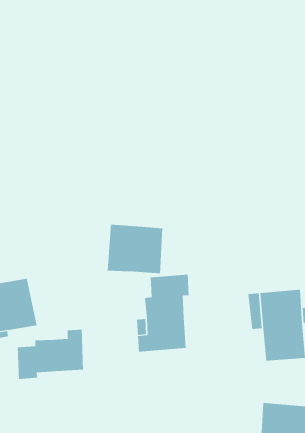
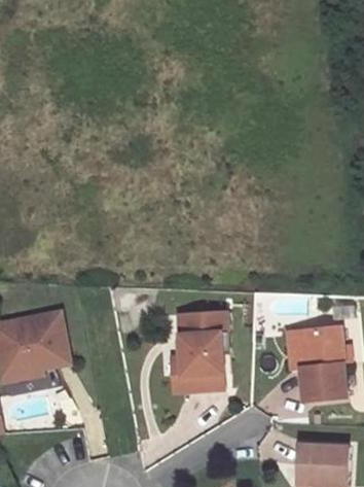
building: [107,224,163,274] -> none
building: [17,329,83,380] -> none

